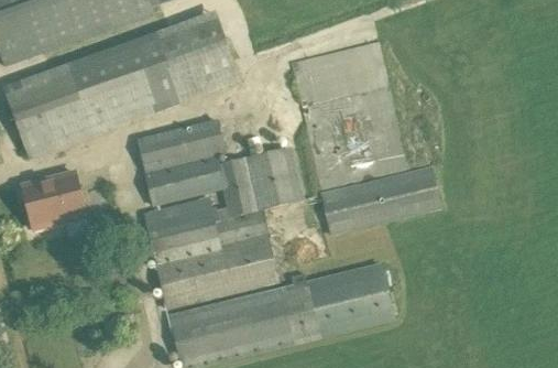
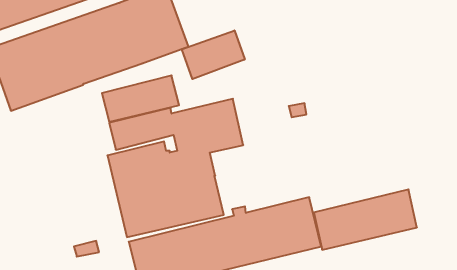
building: none -> [182,30,245,79]
building: [319,164,441,236] -> [314,189,417,250]
building: [20,171,87,228] -> none

